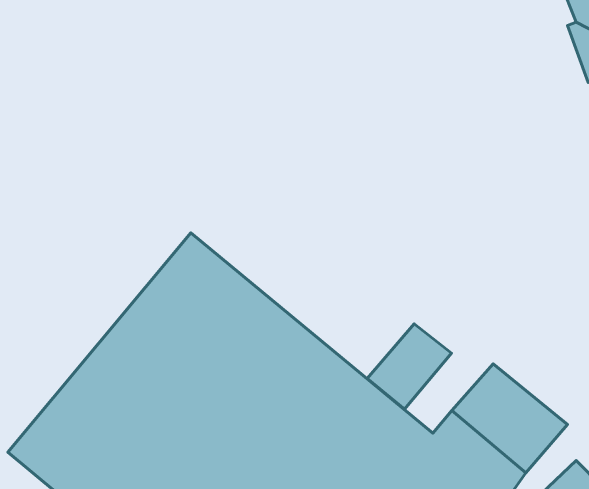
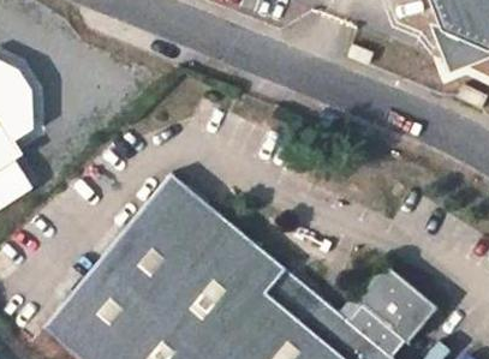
building: [367,324,451,409] -> none

